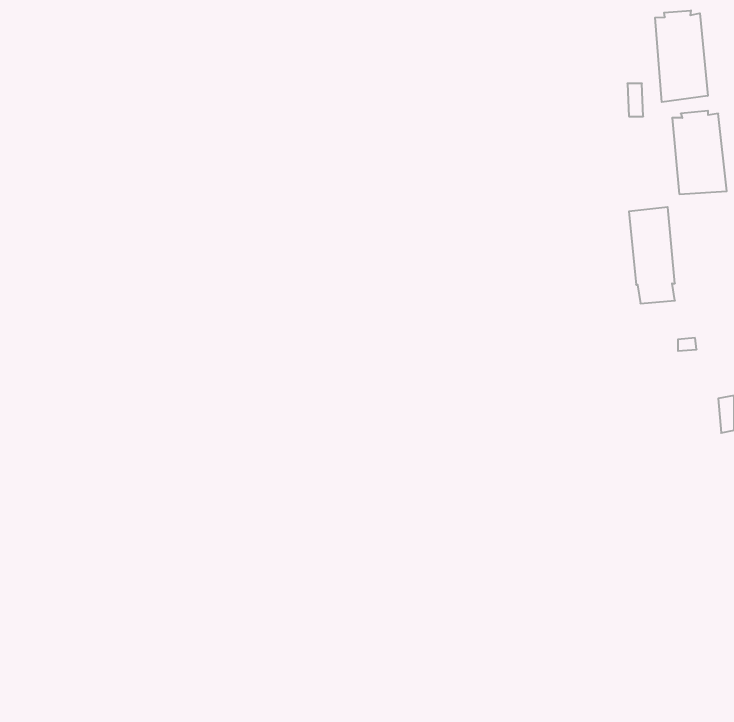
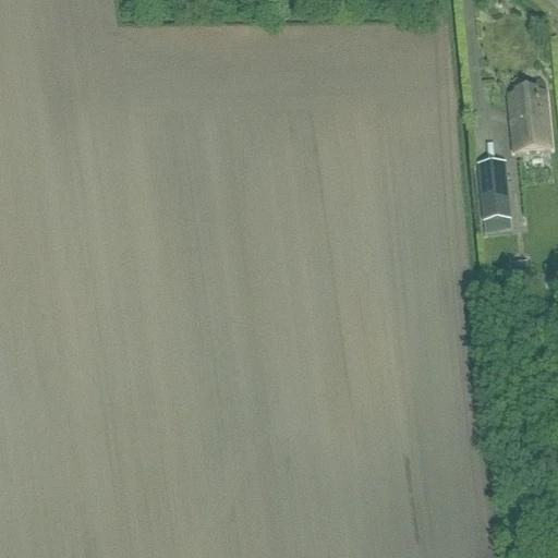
building: [655,10,708,102] -> none

